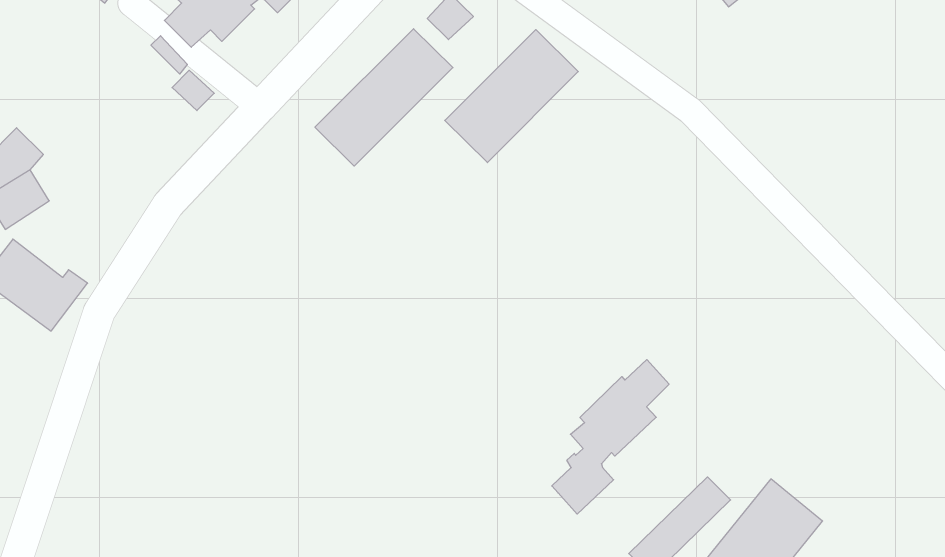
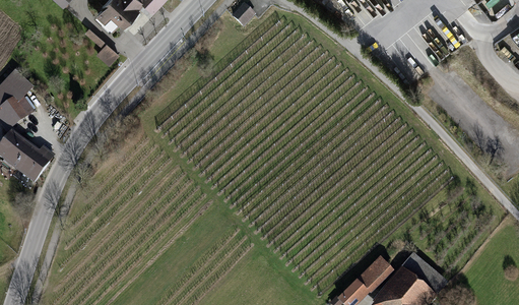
building: [315,29,453,166] -> none
building: [445,30,578,163] -> none
building: [552,360,669,514] -> none

